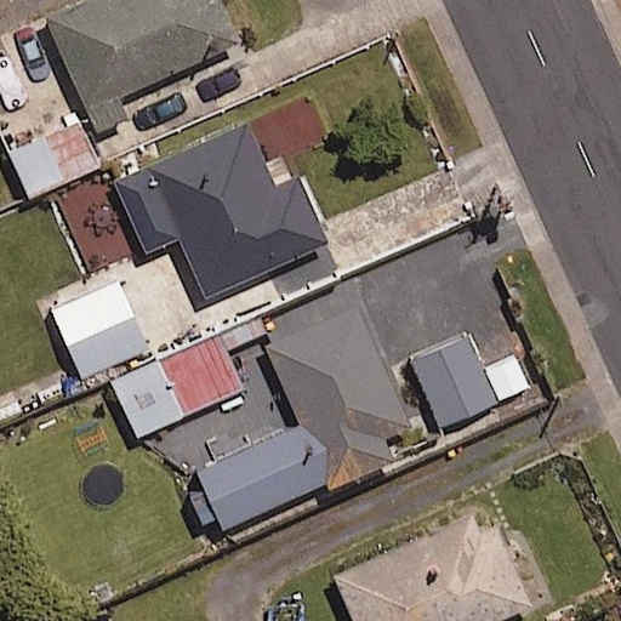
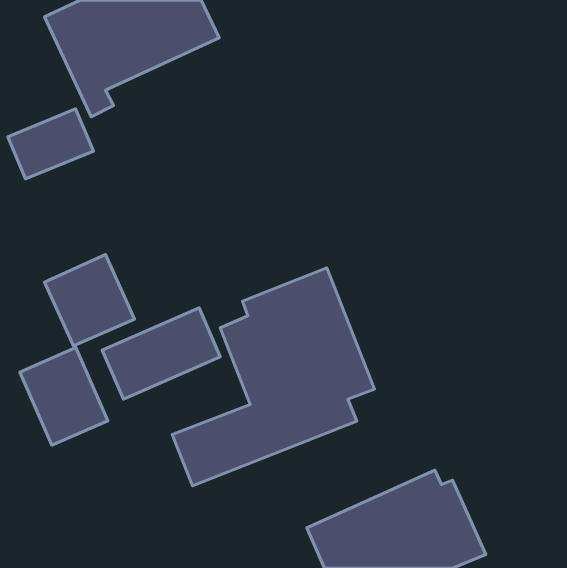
building: [114,124,325,296] -> none
building: [410,335,528,426] -> none
building: none -> [20,347,108,445]

